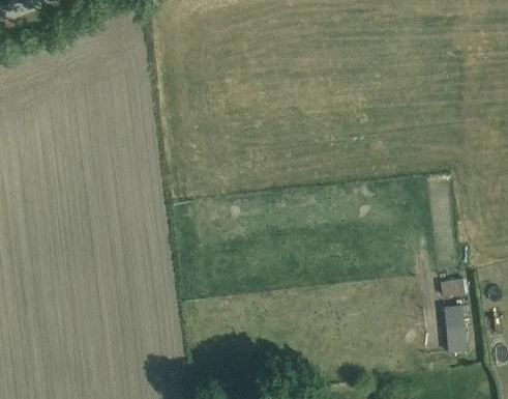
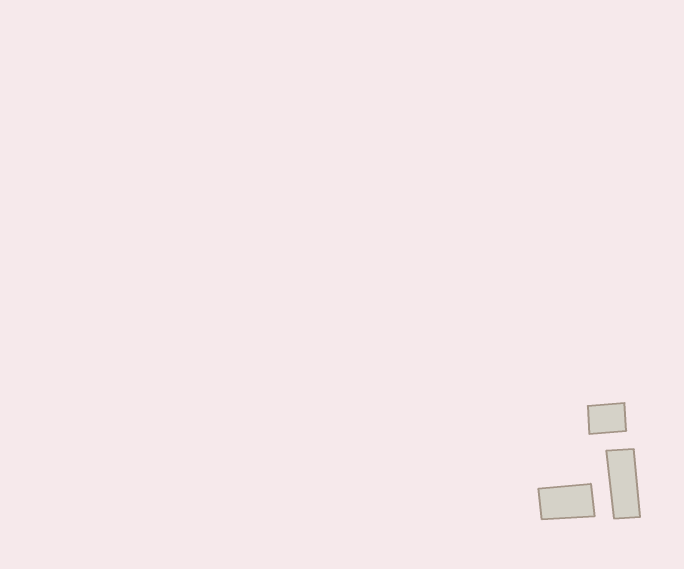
building: none -> [539,484,594,519]

